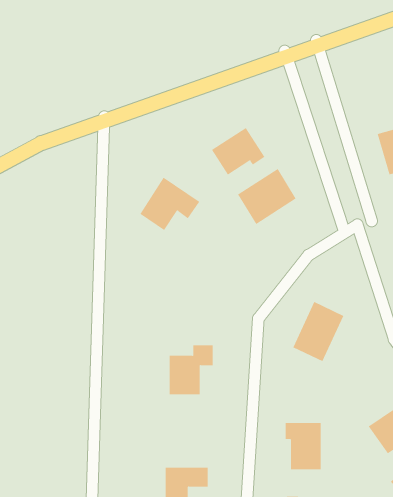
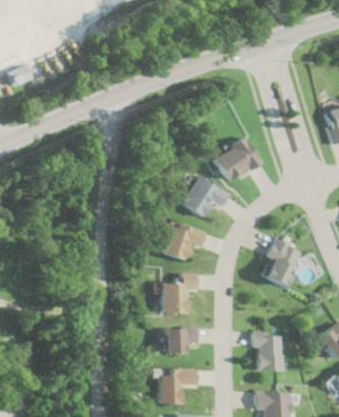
building: [211,127,265,175] -> none
building: [139,177,200,231] -> [185,176,232,218]
building: none -> [166,223,208,261]
building: none -> [165,329,197,353]

